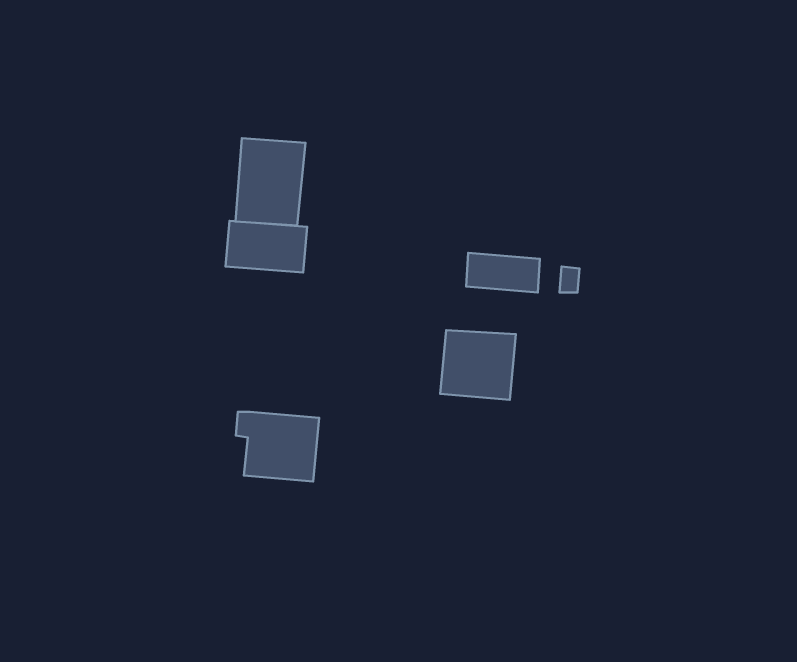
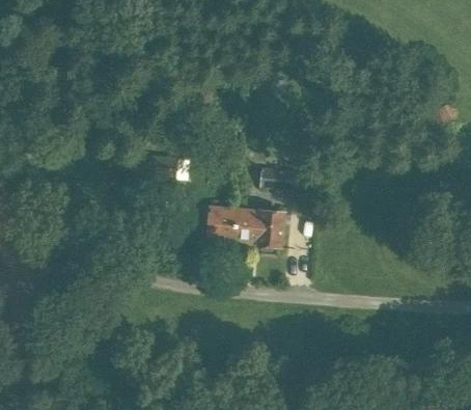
building: [236,138,305,226] -> none
building: [236,412,319,481] -> [206,206,250,242]

